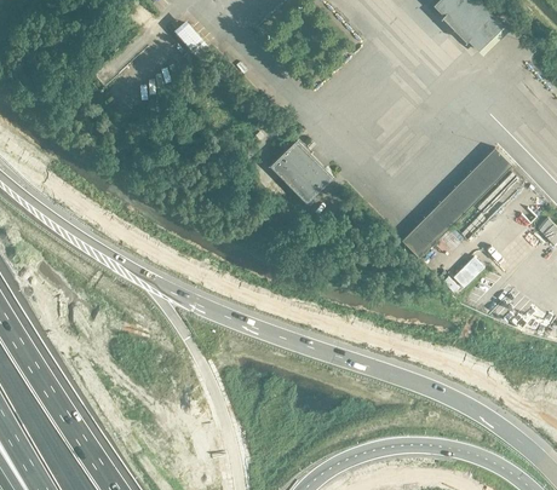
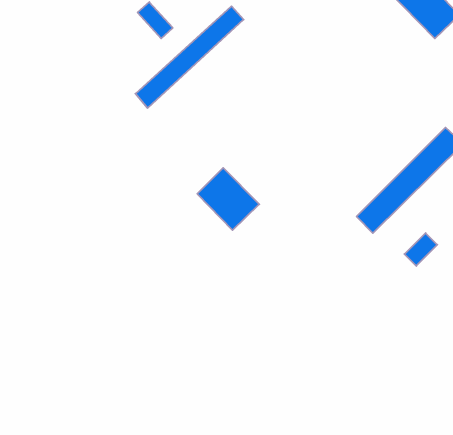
building: none -> [135,6,244,108]
building: [269,140,333,204] -> [197,168,259,230]

